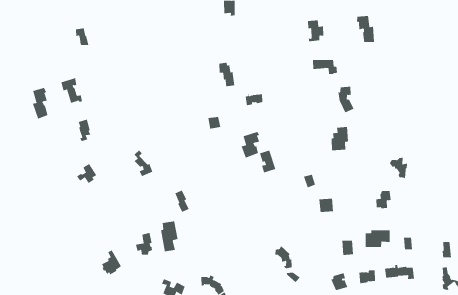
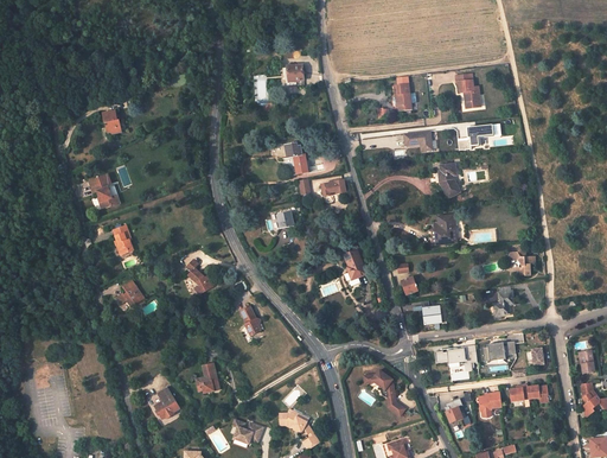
building: none -> [456,125,496,148]
building: [32,87,48,120] -> none
building: [241,131,260,158] -> none
building: [160,220,178,252] -> none

